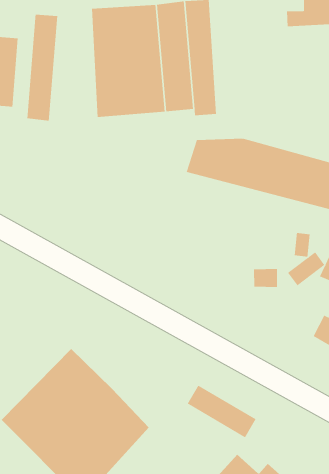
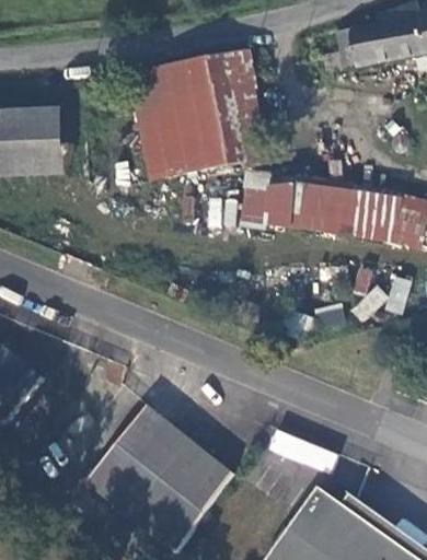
building: [27,14,58,122] -> none

